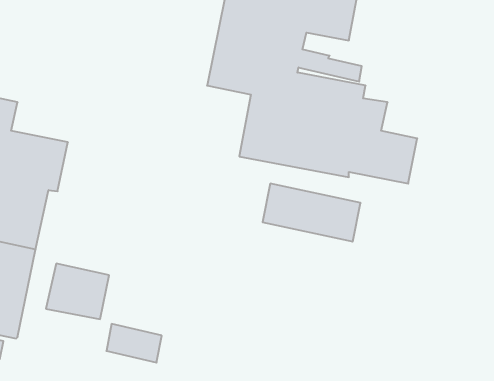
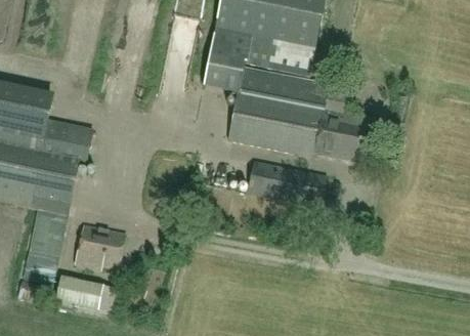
building: [106,324,162,363] -> [56,278,100,308]

